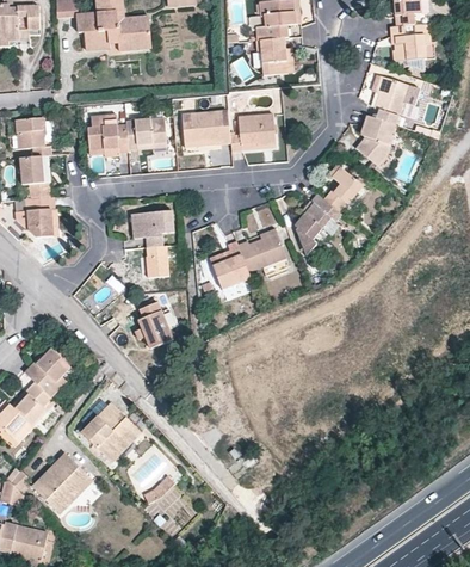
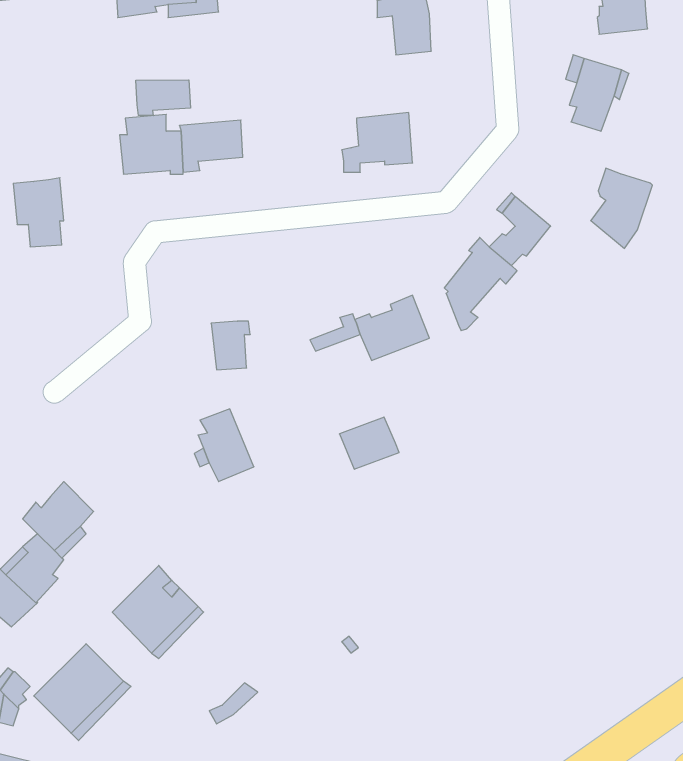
building: none -> [136,80,190,116]
building: [183,110,230,144] -> none
building: [357,115,396,166] -> [591,168,652,248]
building: [17,117,51,156] -> none
building: [17,197,55,238] -> none
building: [131,210,173,247] -> none
building: [212,254,251,288] -> [339,417,399,469]

